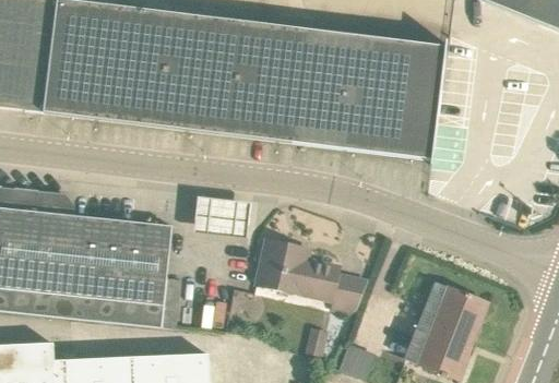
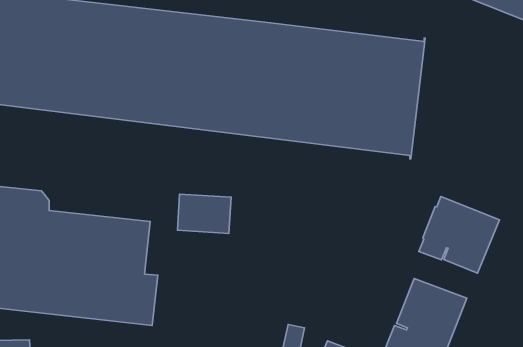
building: none -> [419,197,499,273]
building: [252,237,367,315] -> none

